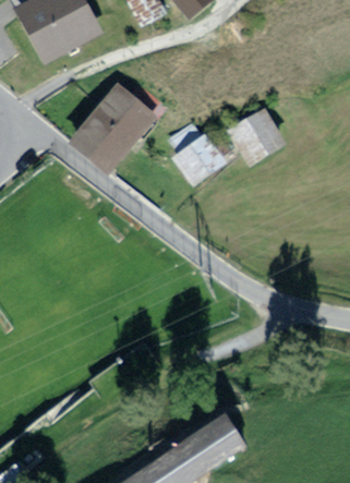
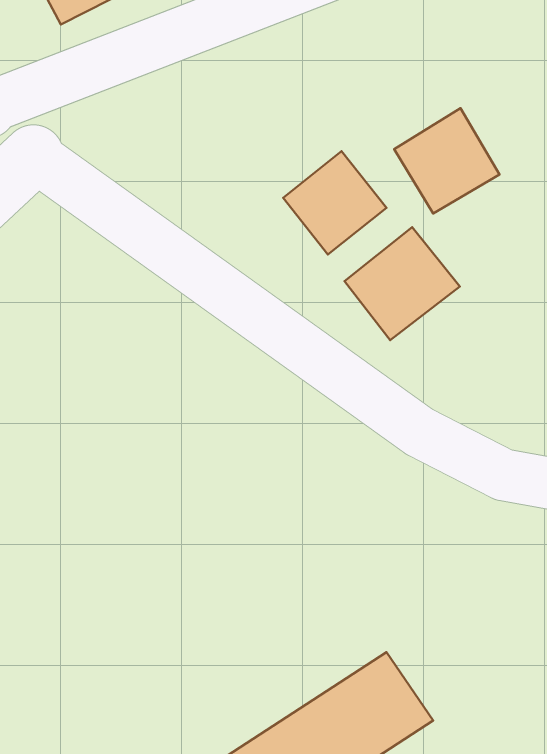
building: [79,79,159,160] -> none
building: none -> [345,227,460,340]

